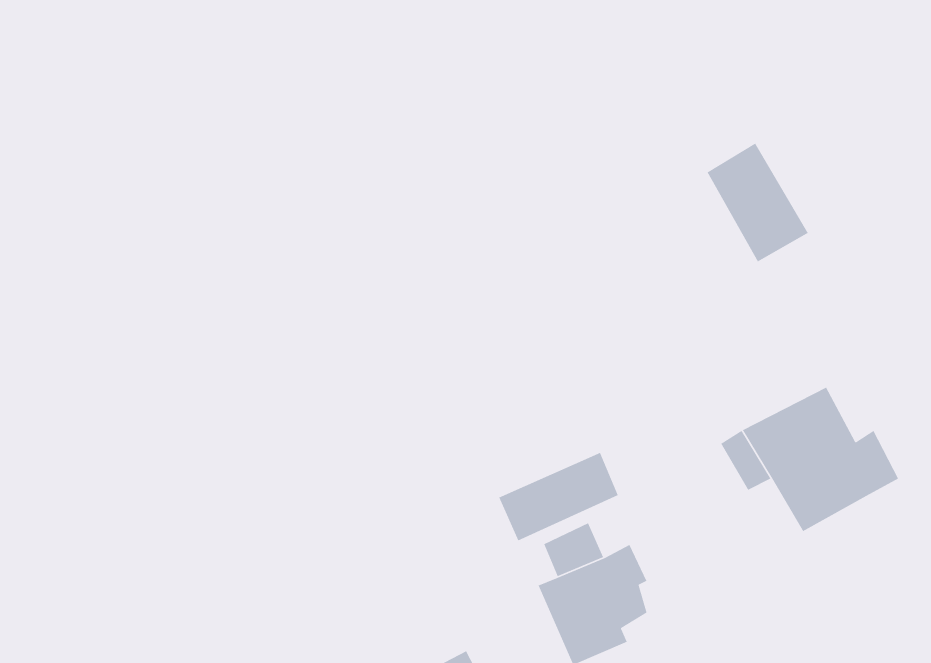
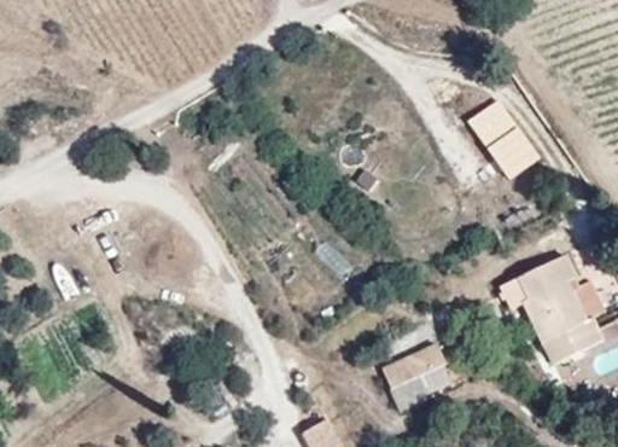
building: [498,452,619,542] -> none
building: none -> [537,323,593,371]

